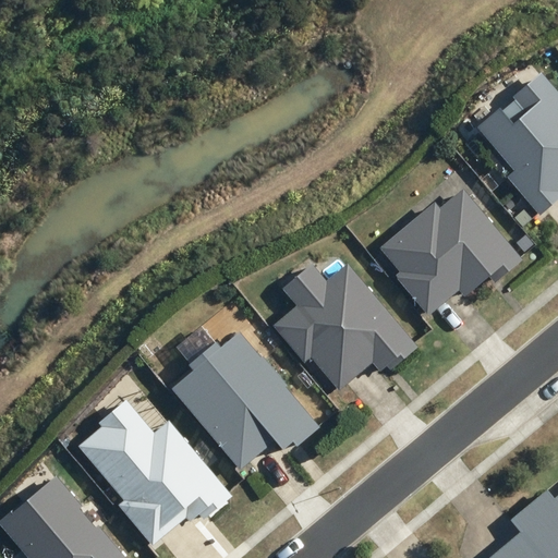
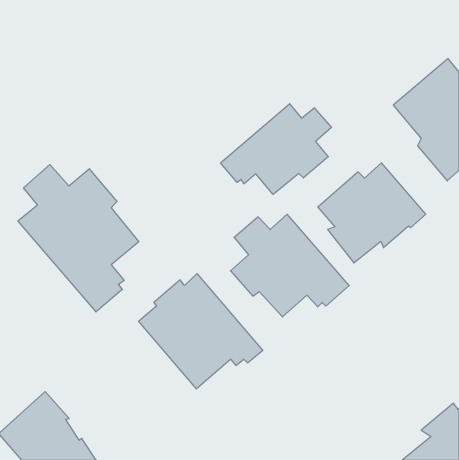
building: none -> [221,104,332,194]
building: none -> [18,165,139,312]
building: [75,400,233,547] -> none

